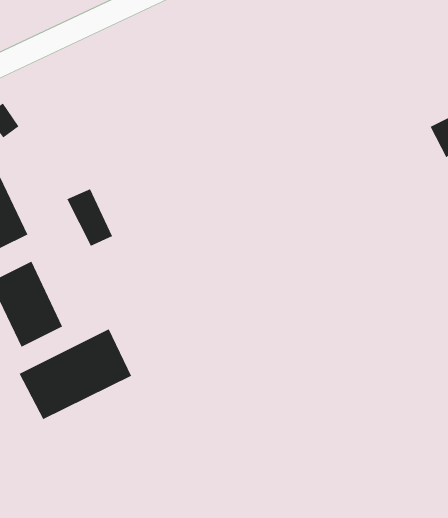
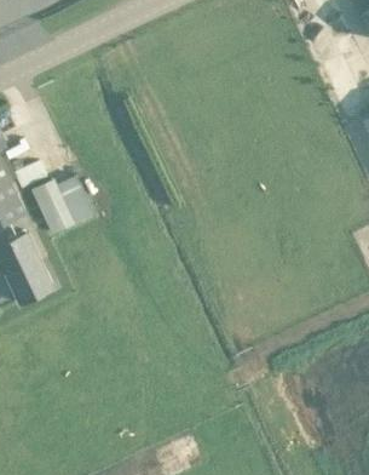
building: none -> [30,177,75,233]
building: [19,328,132,420] -> none

